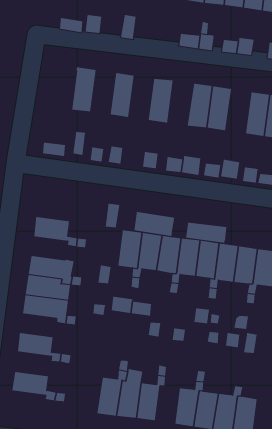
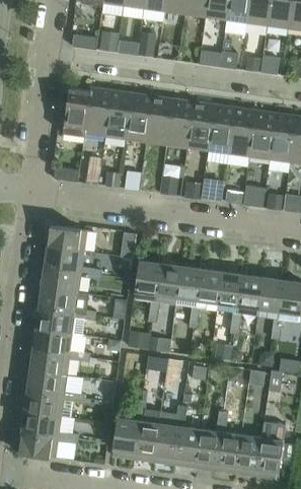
building: none -> [63,88,90,136]
building: none -> [105,90,132,138]
building: none -> [146,96,172,144]
building: none -> [187,101,215,150]
building: none -> [249,111,276,158]
building: none -> [47,225,86,252]
building: [134,211,175,237] -> none
building: [186,222,227,244] -> none
building: none -> [42,268,81,293]
building: none -> [29,350,69,375]
building: none -> [24,391,64,417]
building: none -> [174,427,200,468]
building: none -> [18,432,58,459]

